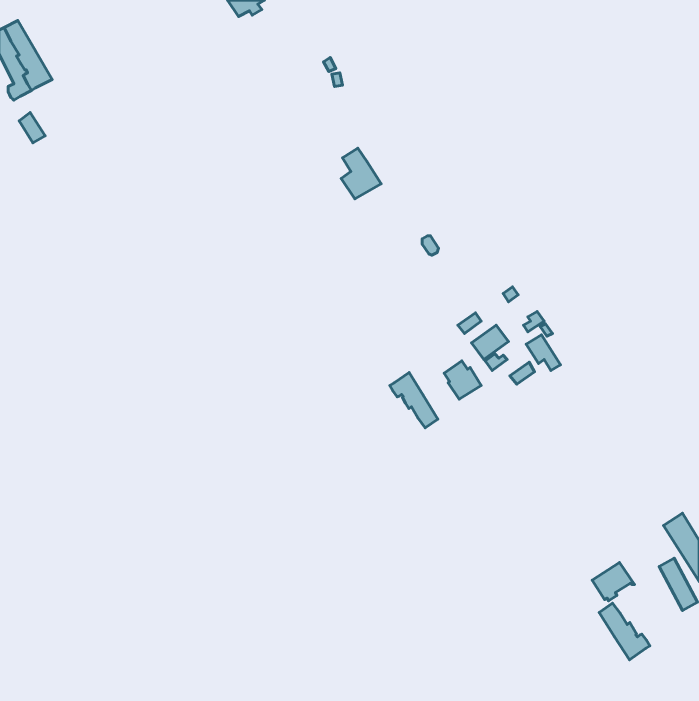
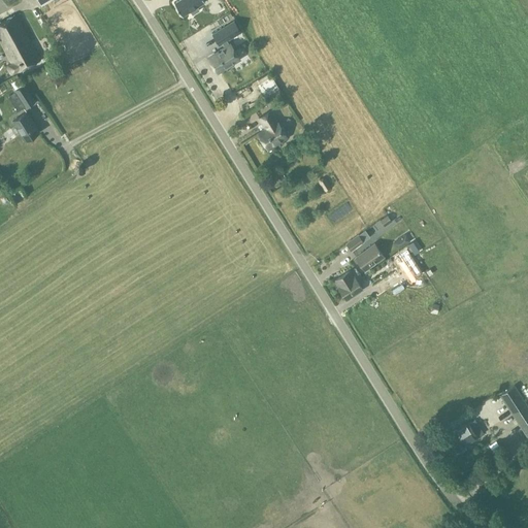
building: none -> [207,22,239,72]
building: none -> [11,112,38,141]
building: [390,373,438,428] -> none
building: [599,603,650,660] -> none

